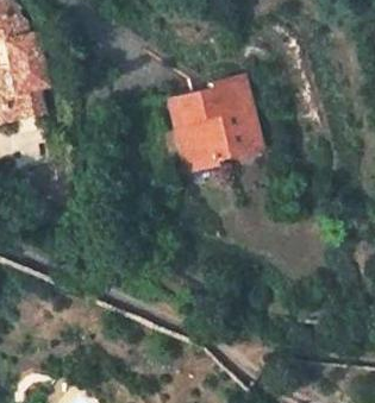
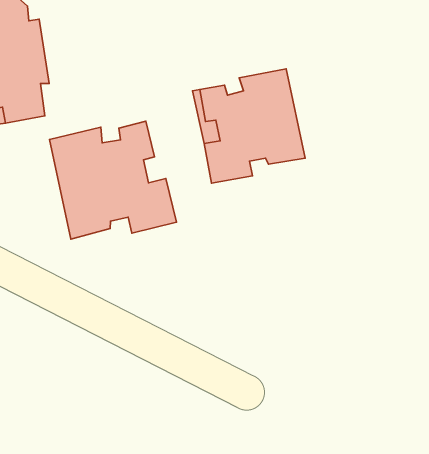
building: none -> [50,121,176,239]

